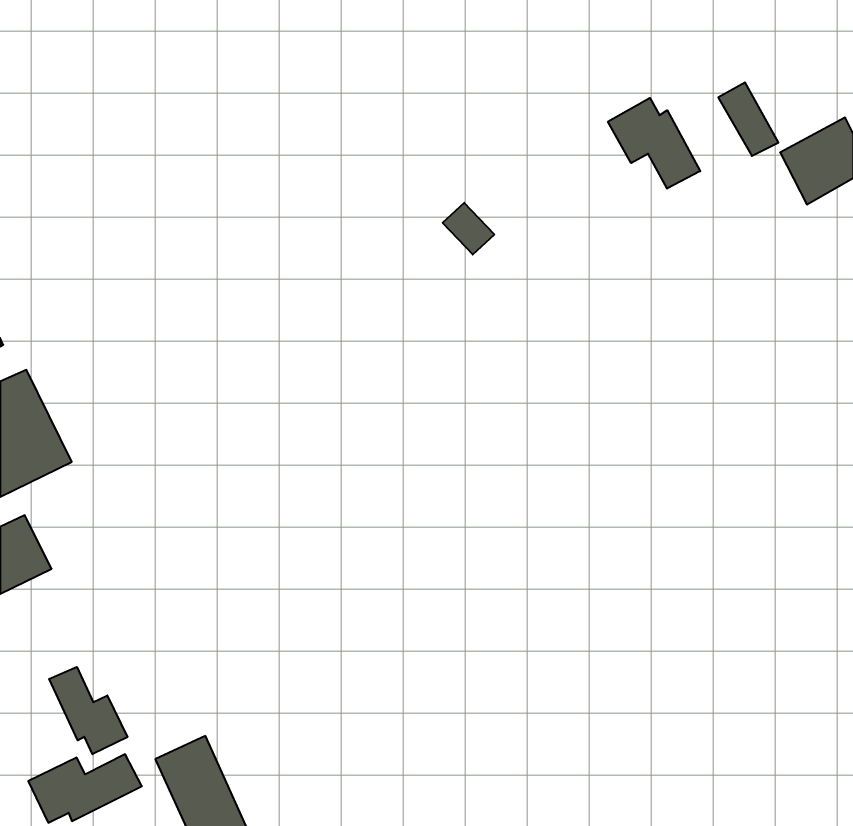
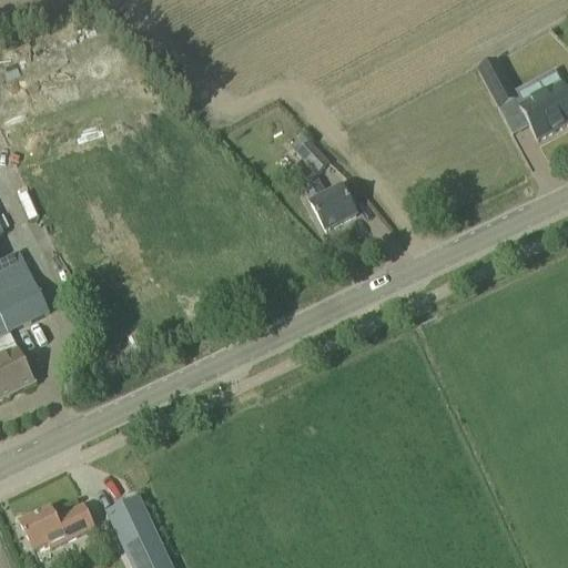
building: [608,98,700,189] -> none
building: none -> [301,178,356,229]
building: [49,667,127,754] -> none

